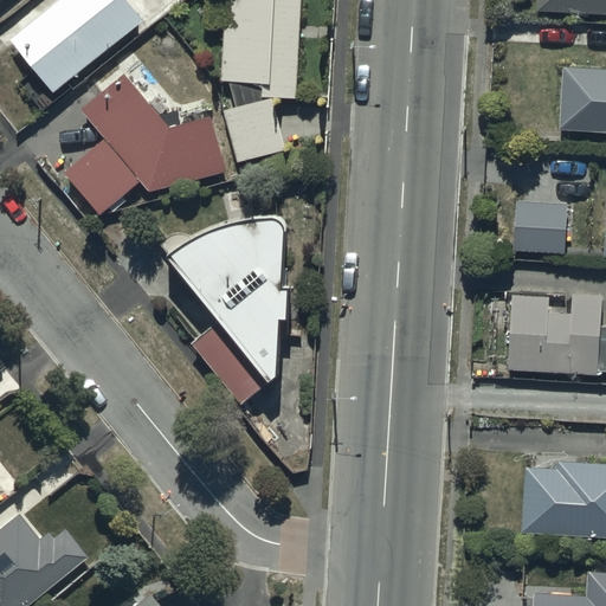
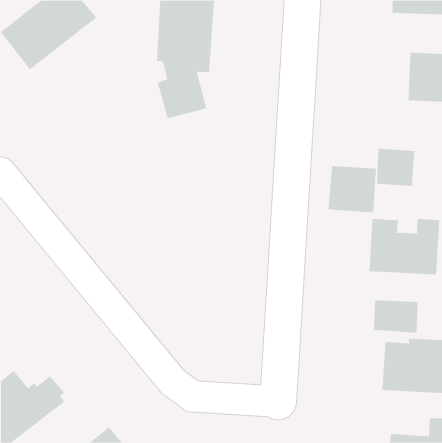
building: [66,76,230,213] -> none
building: [168,214,288,399] -> none
building: none -> [328,165,377,213]
building: none -> [373,299,418,333]

